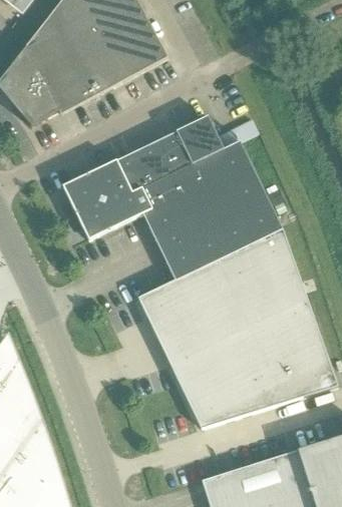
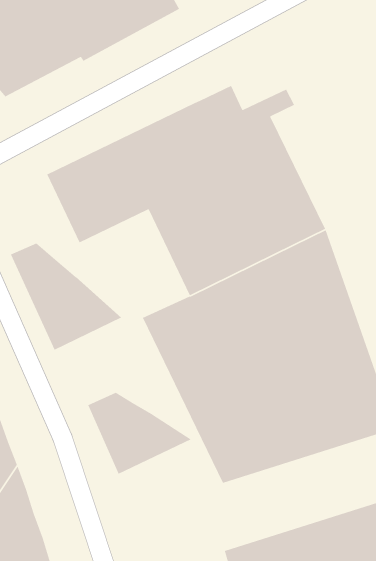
building: none -> [10,243,122,351]
building: none -> [87,392,192,475]

